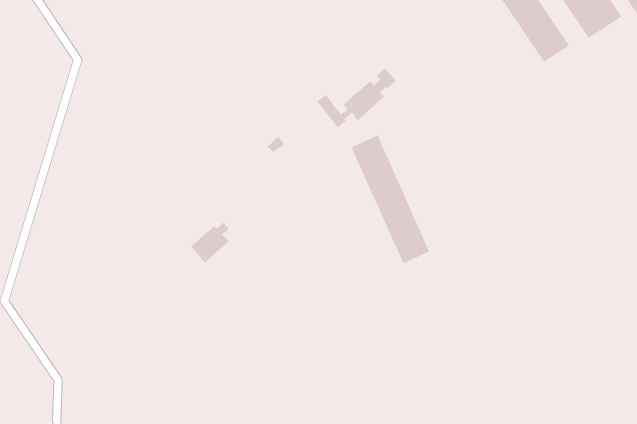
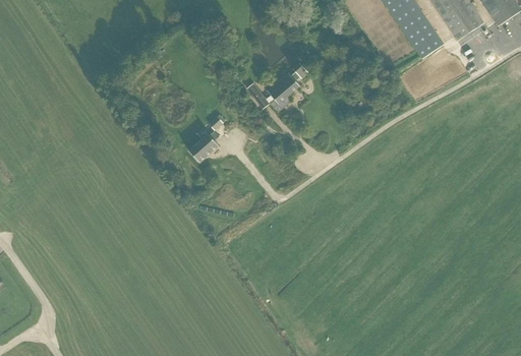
building: [351,135,430,264] -> none
building: [190,222,229,263] -> [189,129,220,162]

